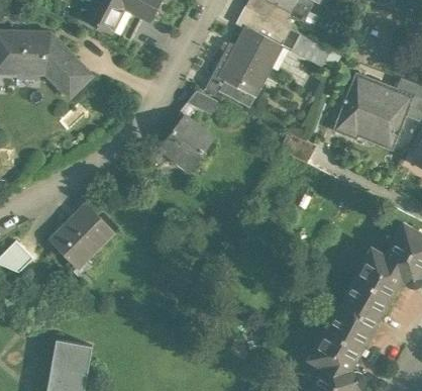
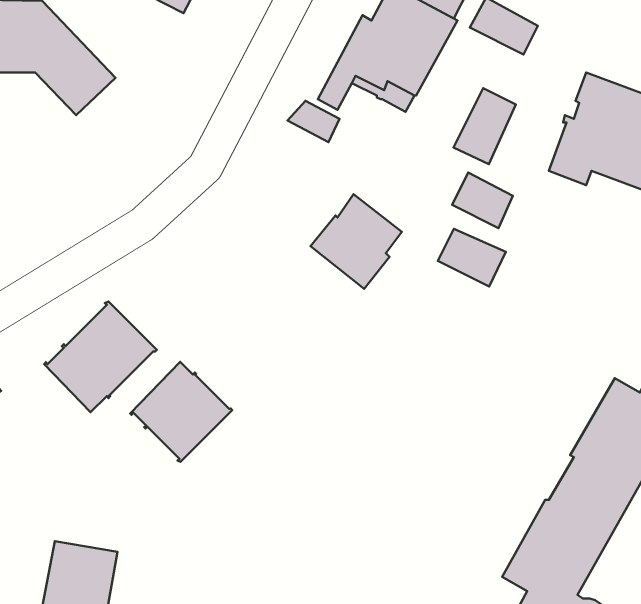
building: none -> [454,88,516,164]
building: [160,117,211,171] -> [311,194,402,289]
building: none -> [438,229,506,287]
building: none -> [130,362,232,462]

